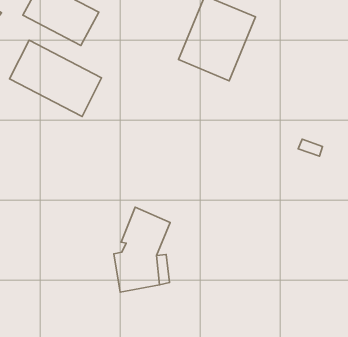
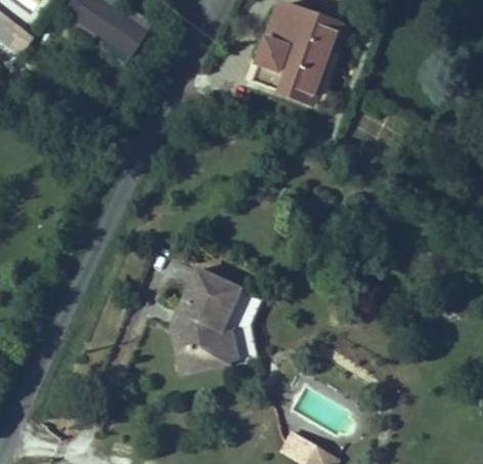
building: [9,40,102,117] -> none

